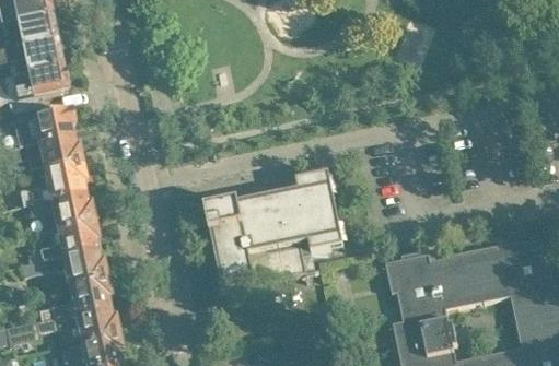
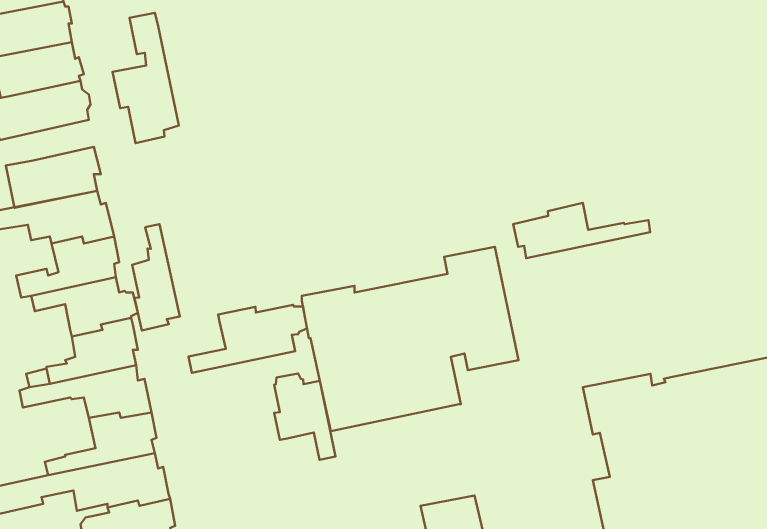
building: none -> [113,13,179,143]
building: none -> [513,203,650,258]
building: none -> [132,224,180,330]
building: none -> [188,305,307,373]
building: none -> [274,373,336,460]

